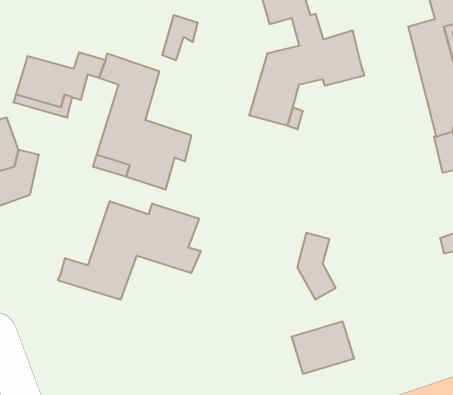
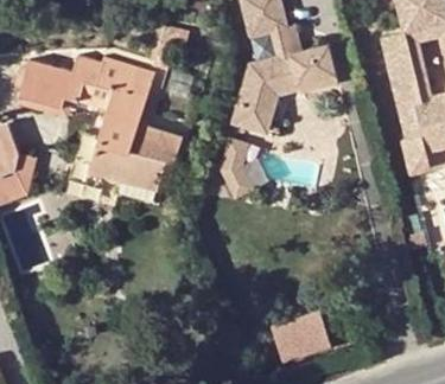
building: [58,201,201,300] -> none
building: [297,233,336,300] -> [220,136,255,198]

